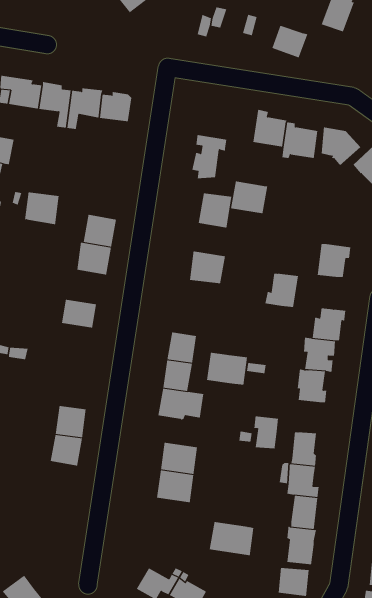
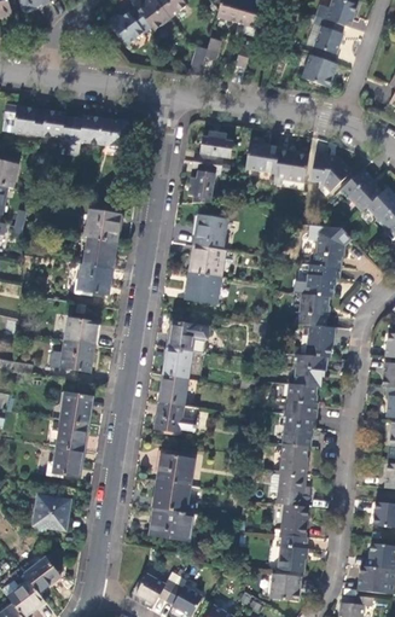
building: [271,24,308,58] -> [302,53,337,86]
building: none -> [192,129,233,164]
building: [230,181,268,214] -> [188,244,225,275]
building: [24,192,60,225] -> [86,209,120,240]
building: none -> [314,226,349,267]
building: [265,273,299,307] -> [295,293,327,326]
building: none -> [48,339,93,371]
building: [206,352,248,385] -> [168,321,208,353]
building: none -> [60,391,92,421]
building: [254,416,279,450] -> [287,413,312,446]
building: none -> [33,494,69,528]
building: [209,522,254,556] -> [149,506,192,539]
building: none -> [23,558,59,593]

